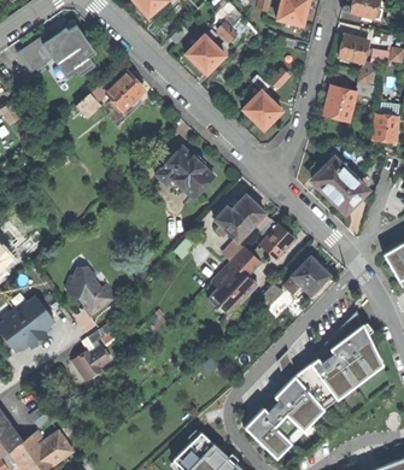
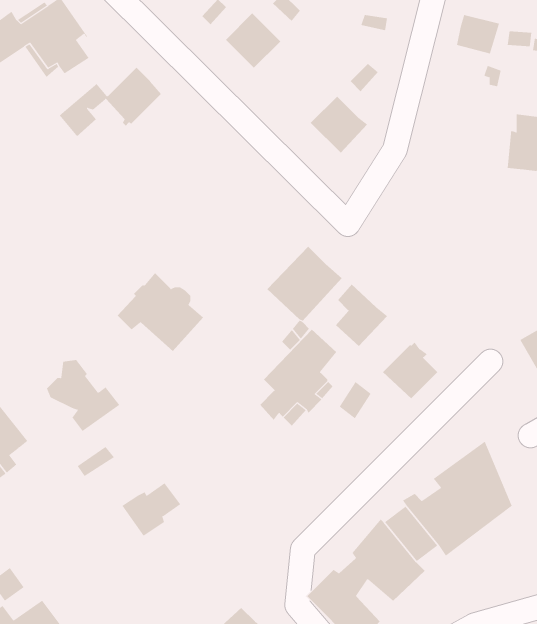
building: [326,87,357,121] -> none
building: [157,146,215,199] -> [117,272,204,352]
building: [314,160,367,212] -> none
building: [72,346,112,382] -> [122,482,181,537]

